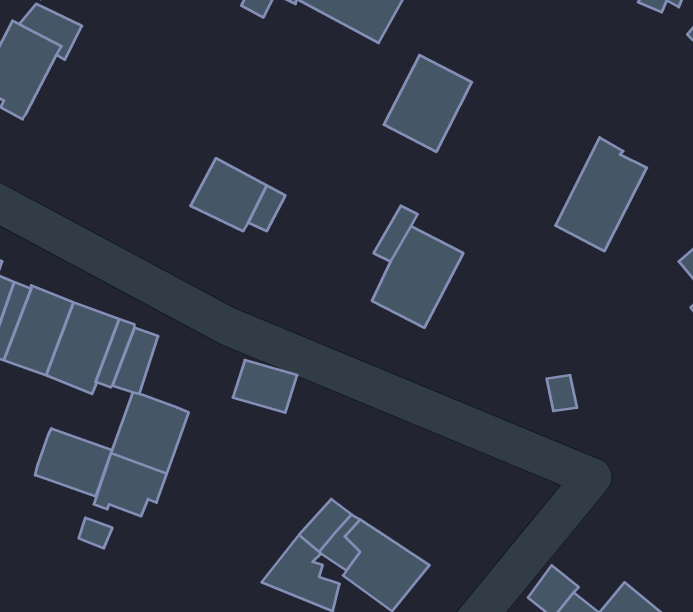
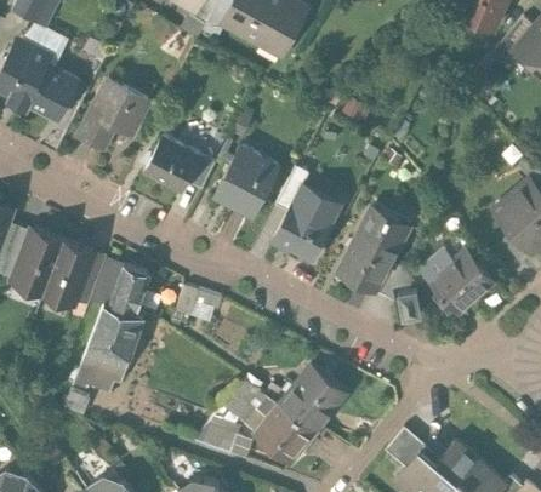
building: none -> [28,63,79,121]
building: [384,55,472,152] -> [216,147,279,216]
building: none -> [79,80,149,149]
building: [555,137,647,251] -> [341,208,406,290]
building: none -> [431,248,494,310]
building: none -> [109,264,149,315]
building: [35,428,112,497] -> none
building: none -> [280,364,346,428]

